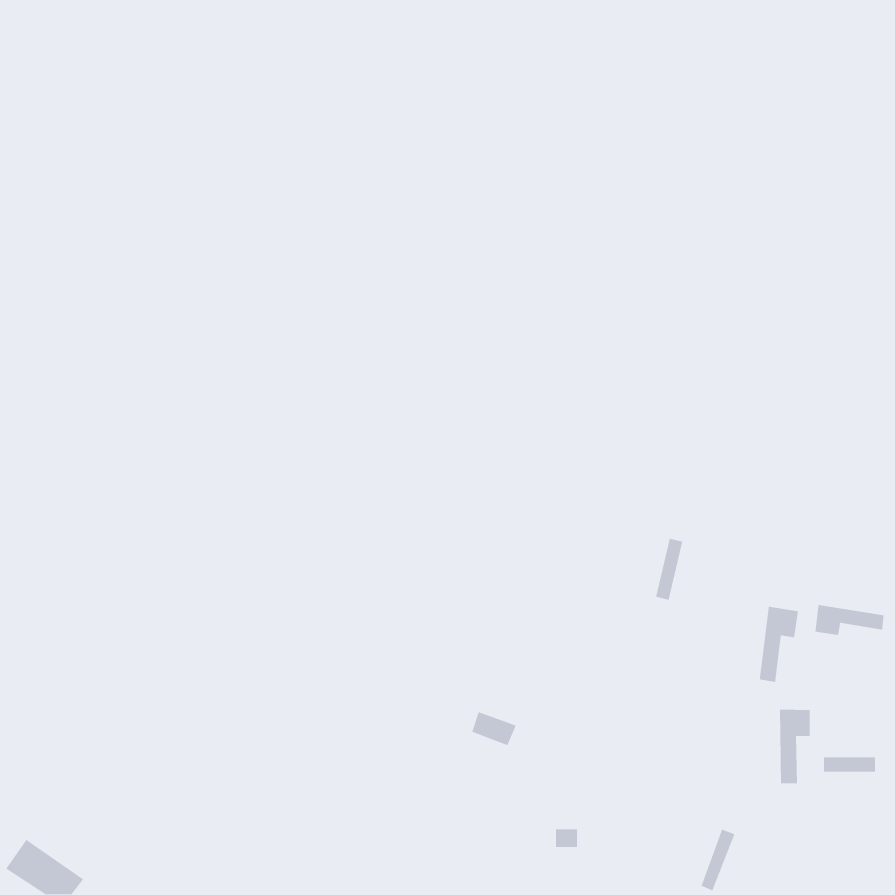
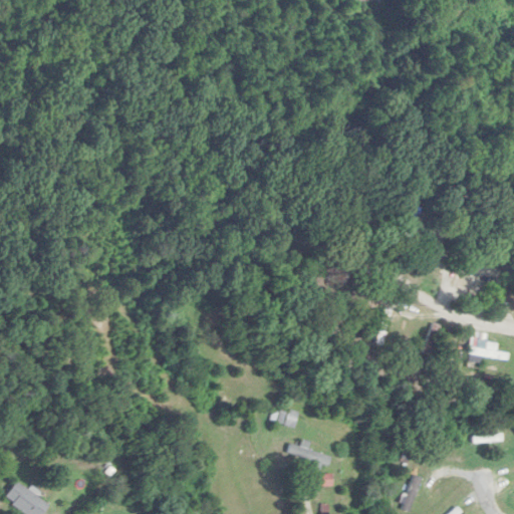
building: [759,606,799,683] -> none
building: [779,709,811,784] -> none
building: none -> [286,440,330,470]

